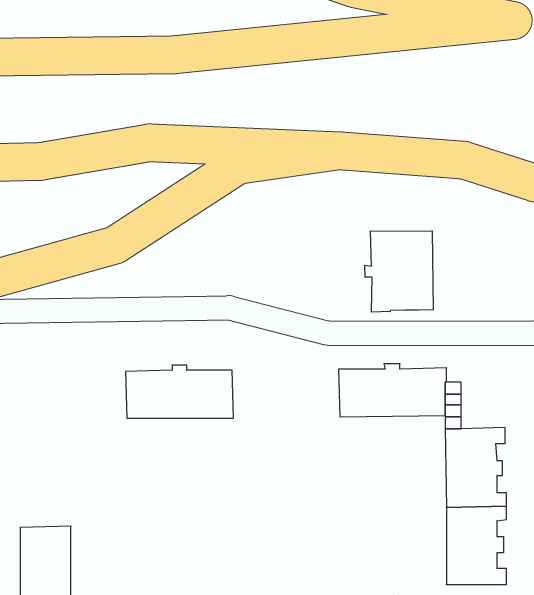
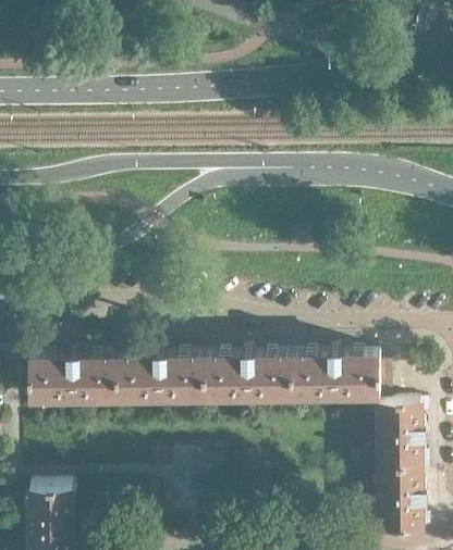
building: [365,231,433,312] -> none
building: none -> [203,353,291,398]
building: none -> [27,355,117,399]

